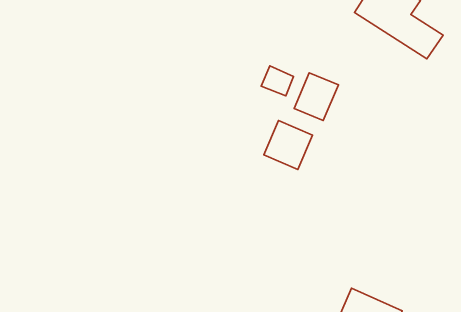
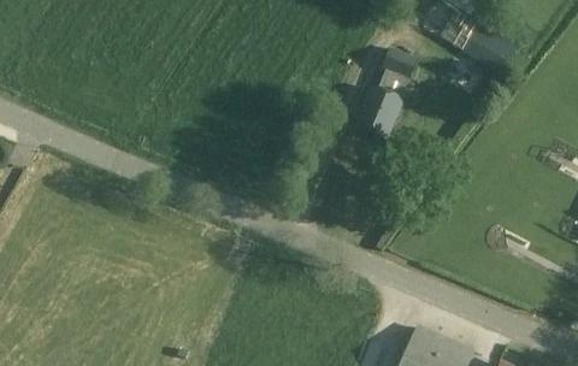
building: [261,66,293,96] -> [378,47,414,81]
building: [264,120,312,170] -> none

